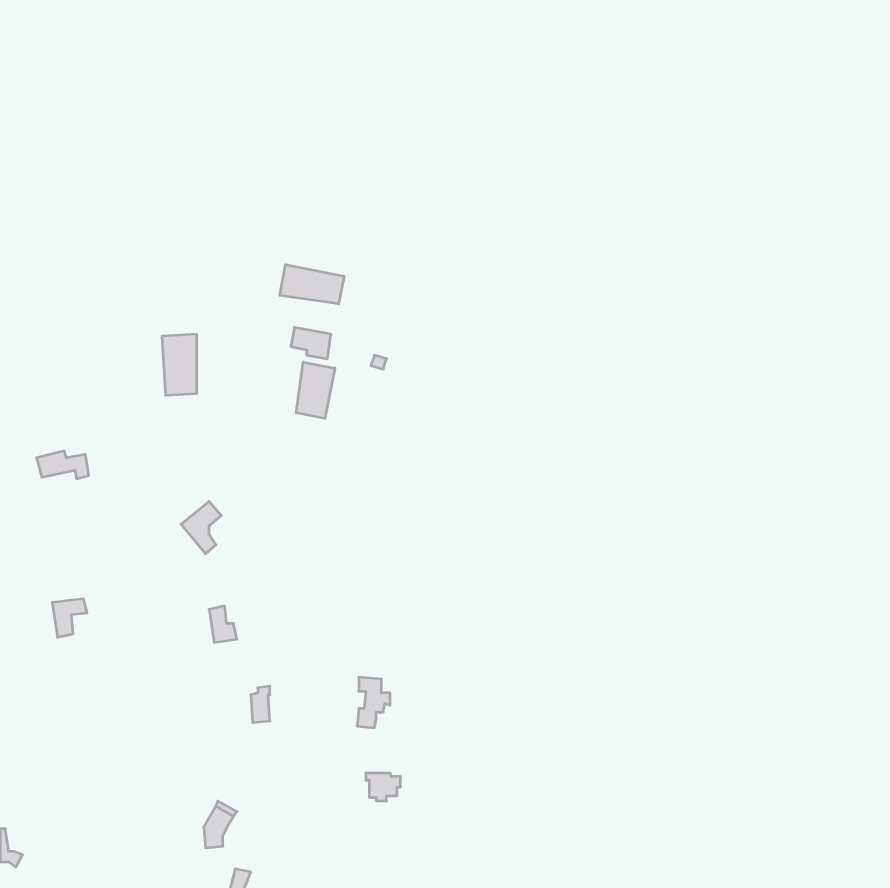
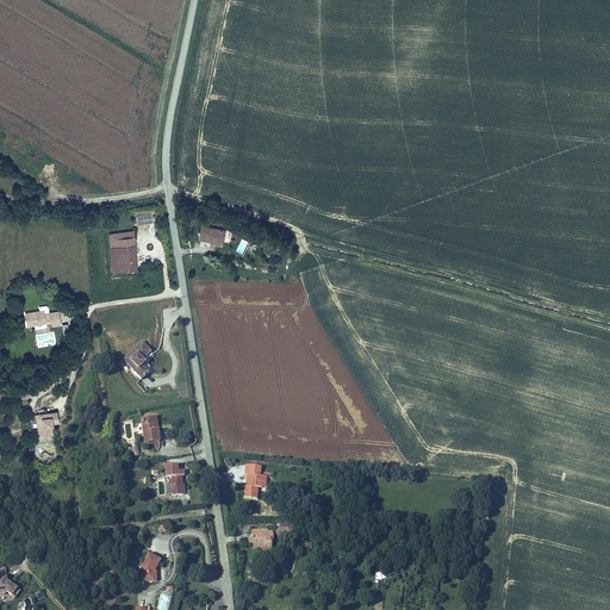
building: [280,265,344,304] -> none
building: [296,362,335,418] -> none

